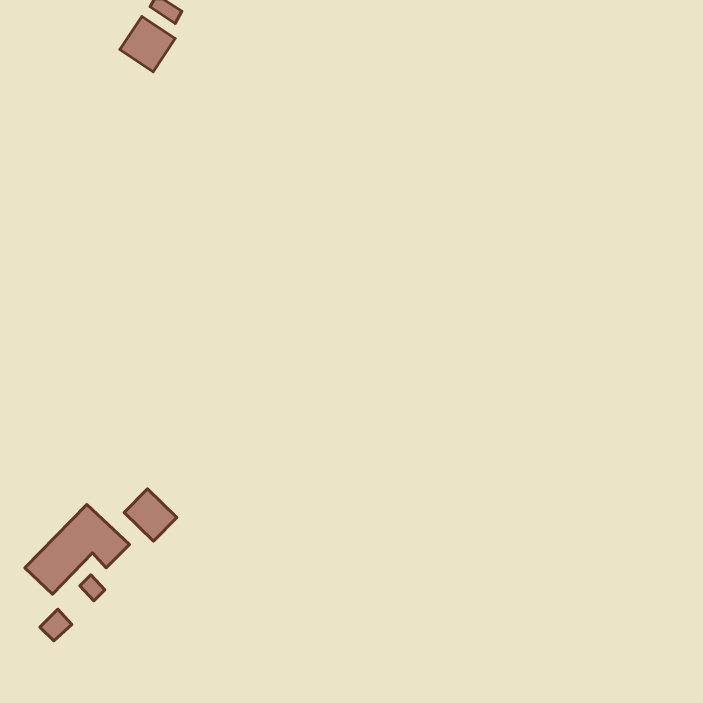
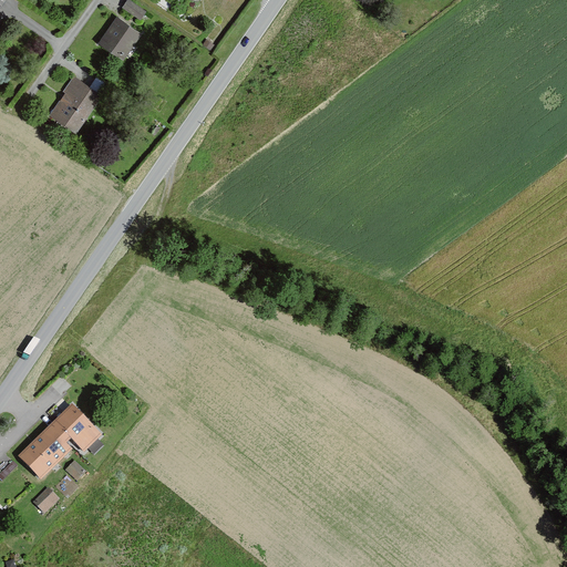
building: none -> [45,73,102,133]
building: [124,489,177,541] -> none

